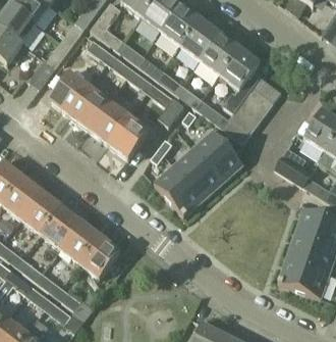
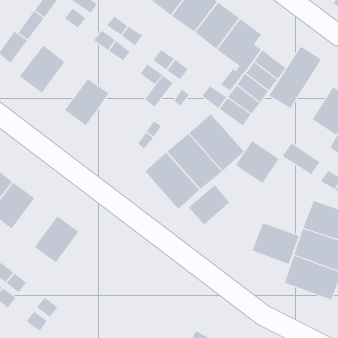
building: none -> [268,46,322,109]
building: [67,86,107,128] -> none
building: [106,113,147,157] -> none
building: none -> [235,140,279,184]
building: none -> [188,184,230,225]
building: [41,205,80,248] -> none
building: none -> [252,223,299,265]
building: [79,235,119,278] -> none

